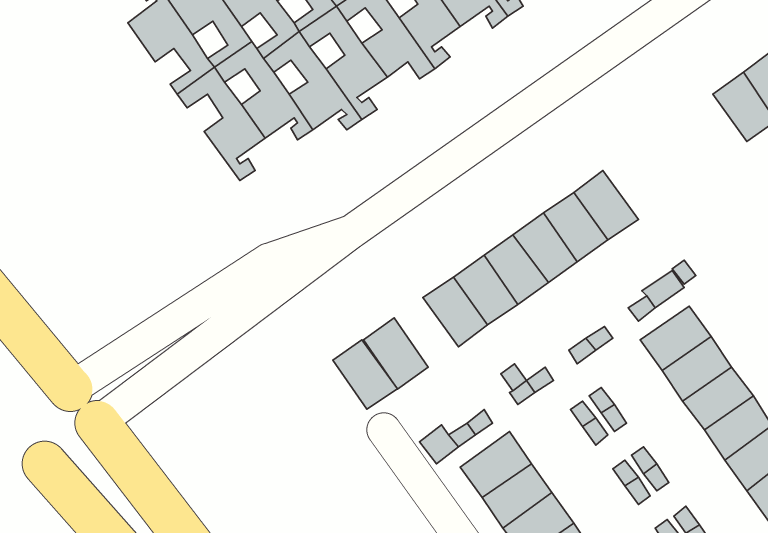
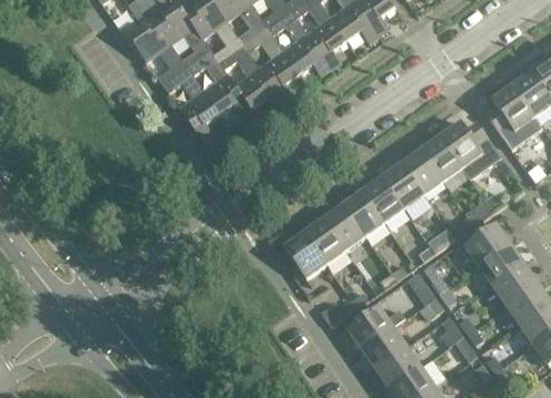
building: none -> [489,84,541,149]
building: none -> [439,121,501,177]
building: [333,340,397,409] -> [303,217,345,263]

